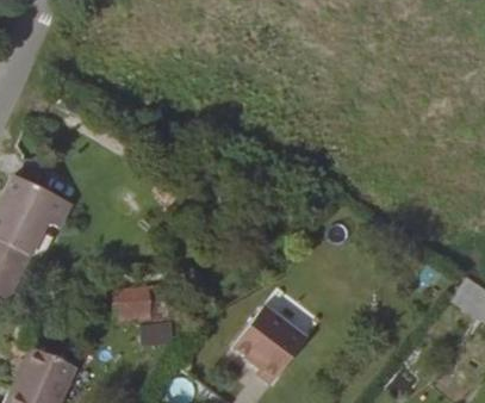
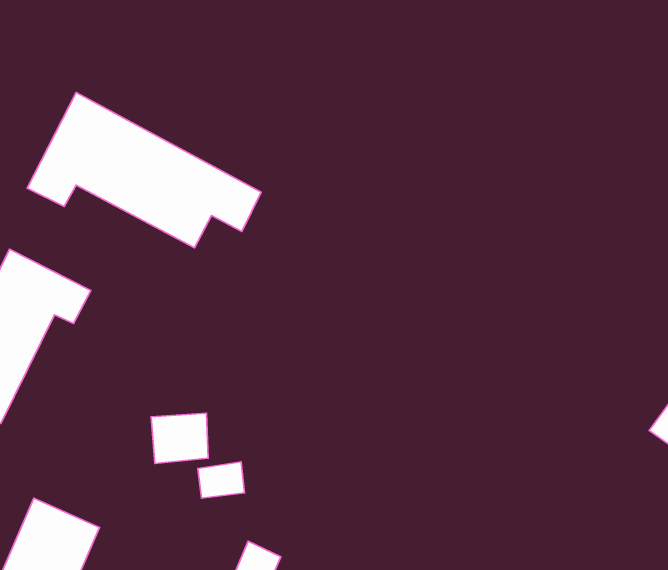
building: none -> [27,92,261,248]
building: [234,305,307,384] -> none

